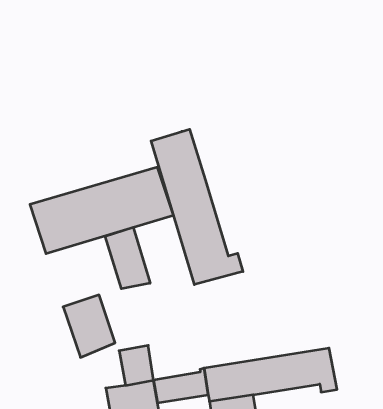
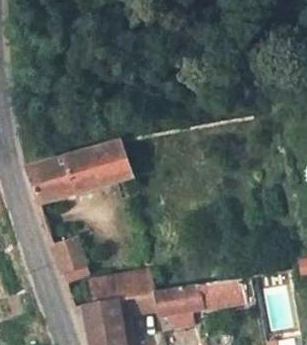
building: [151,129,243,285] -> none
building: [105,227,150,289] -> none
building: none -> [115,269,154,300]

